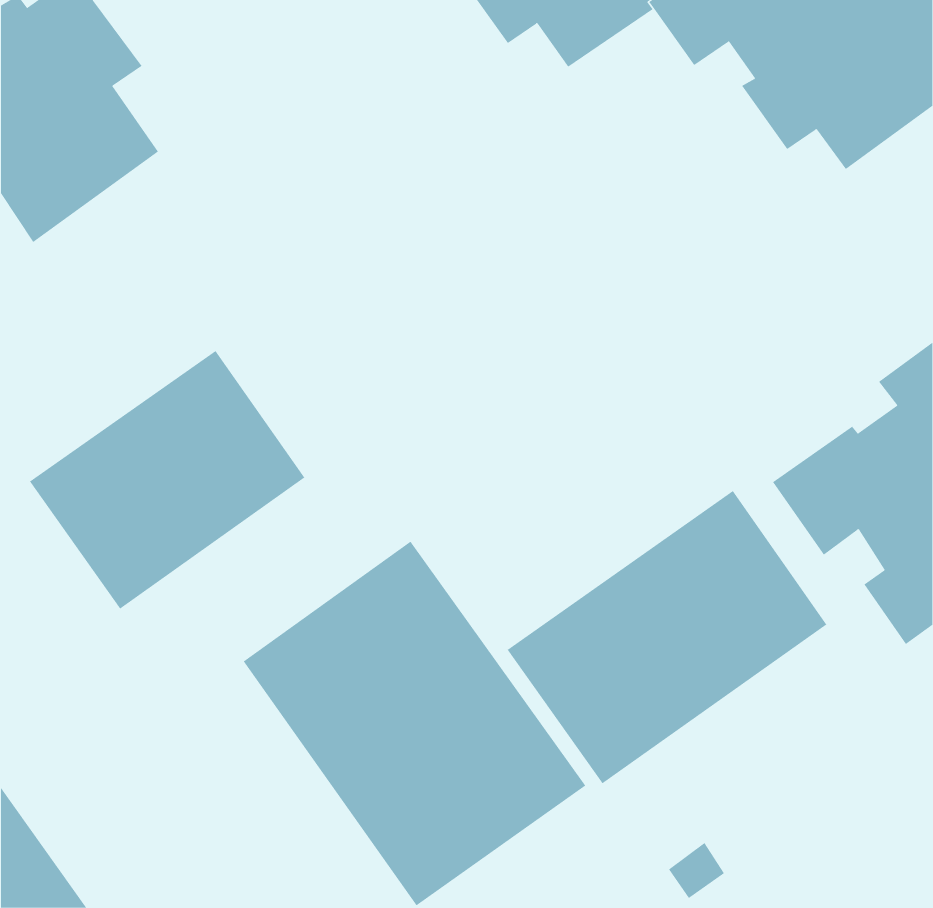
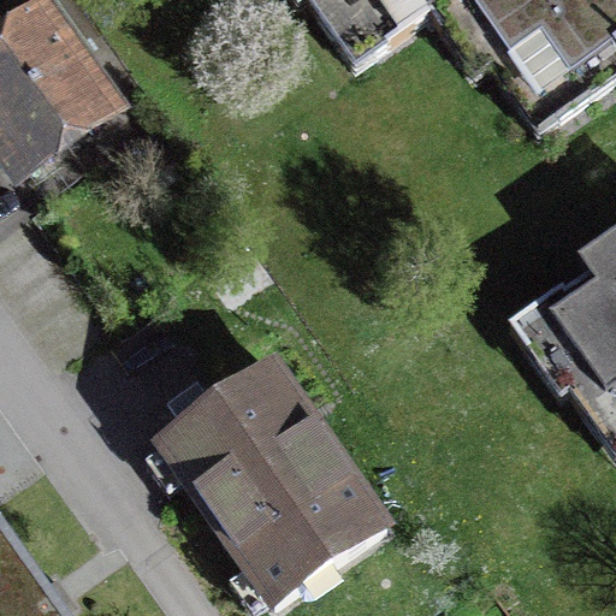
building: [29,350,305,609] -> none
building: [507,490,827,784] -> none

